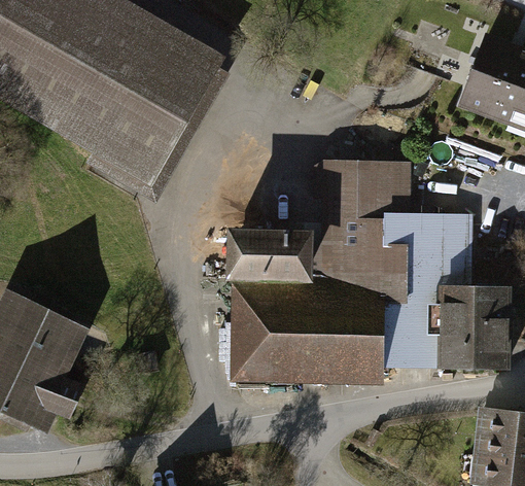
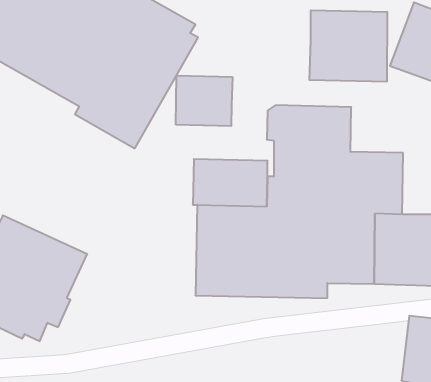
building: none -> [309,10,387,82]
building: none -> [176,76,232,126]

